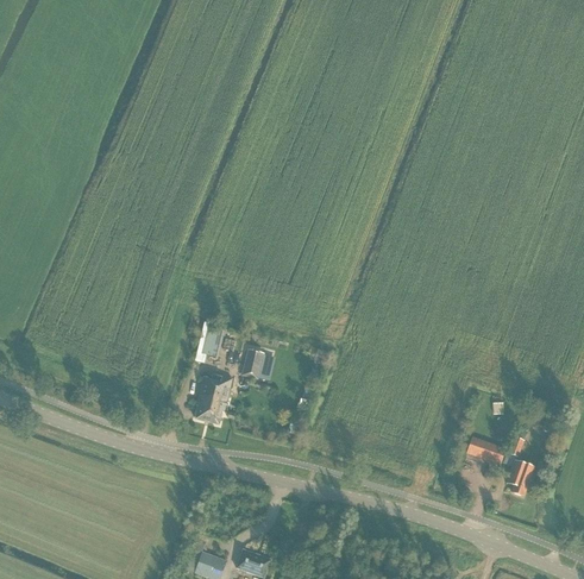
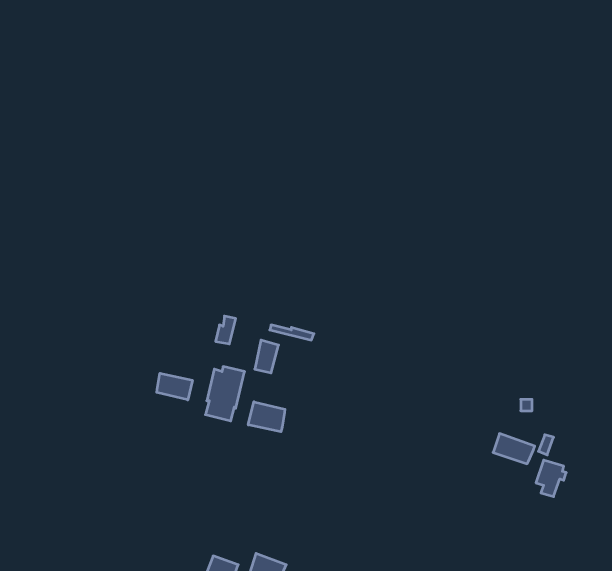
building: none -> [157,373,192,400]
building: none -> [248,402,285,432]

